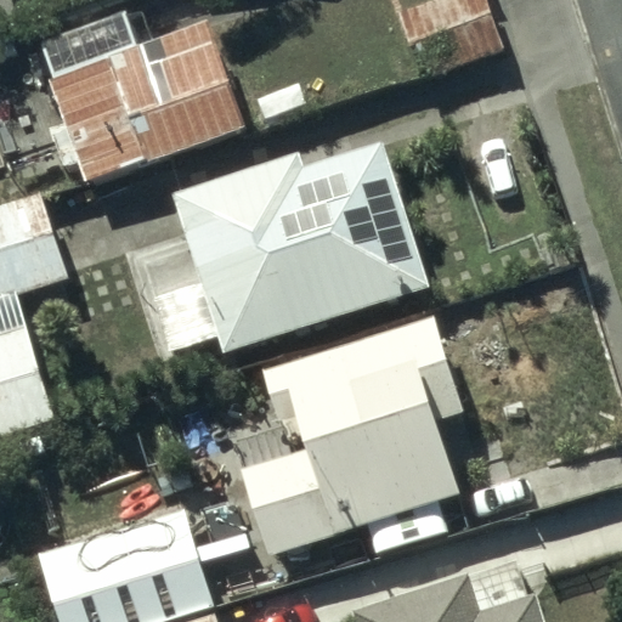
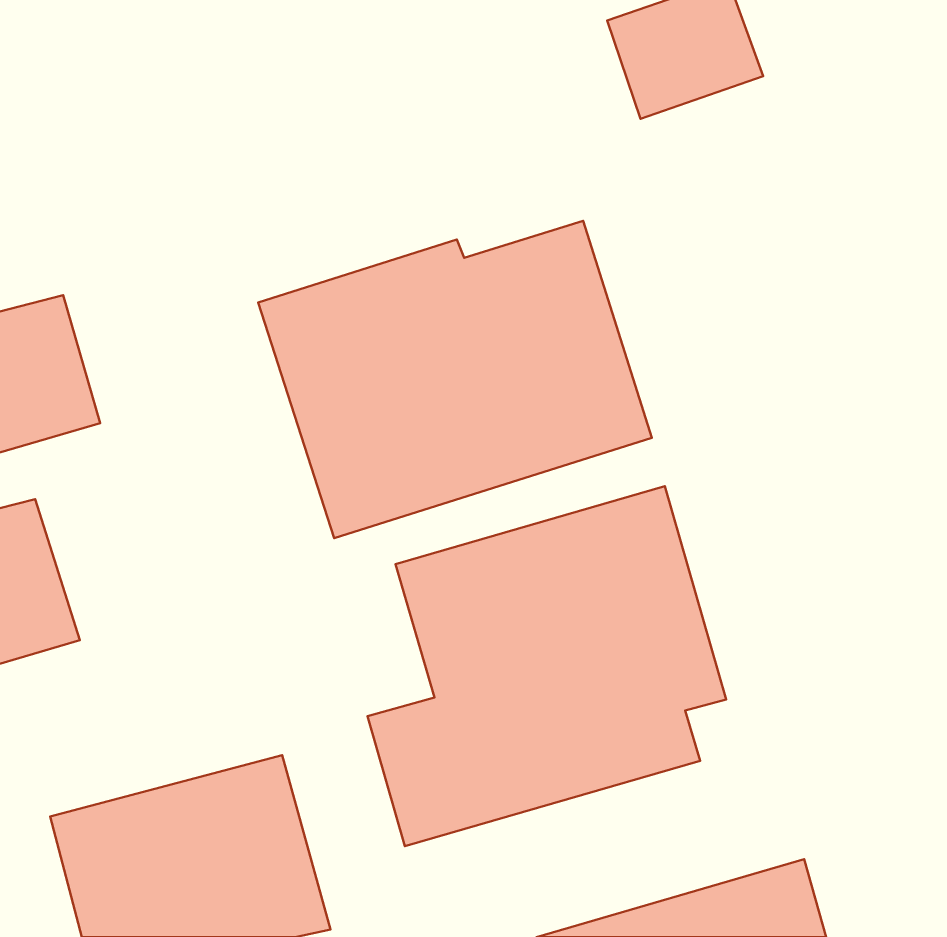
building: [36,12,248,182] -> none

